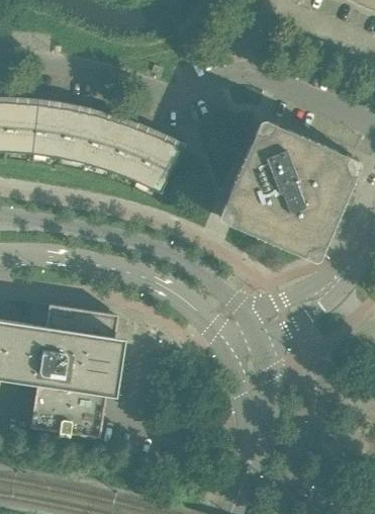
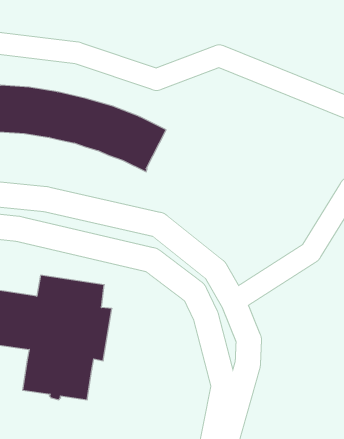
building: [220,118,361,260] -> none

